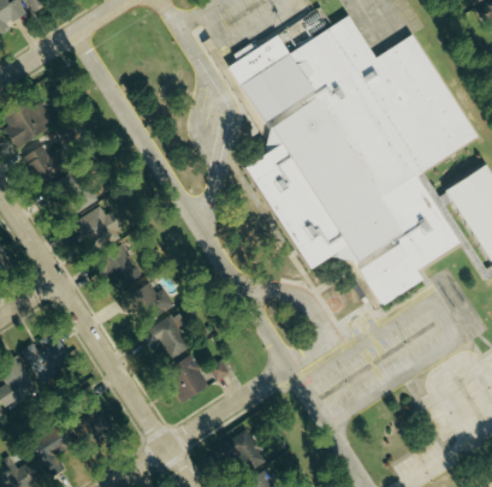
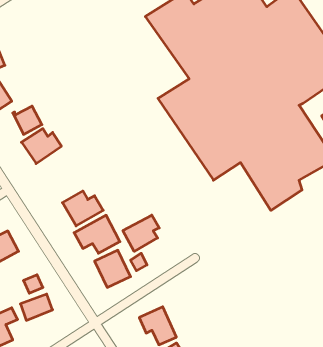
building: [103,248,140,286] -> none
building: none -> [123,215,159,251]

